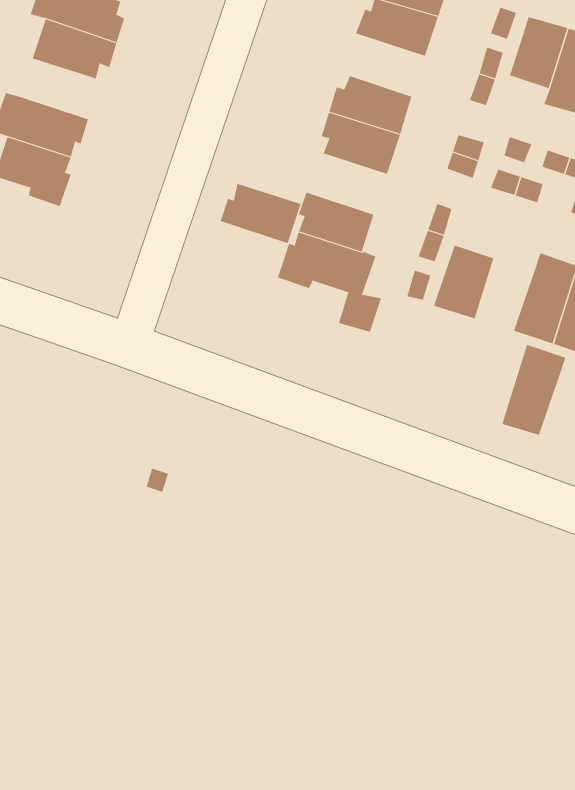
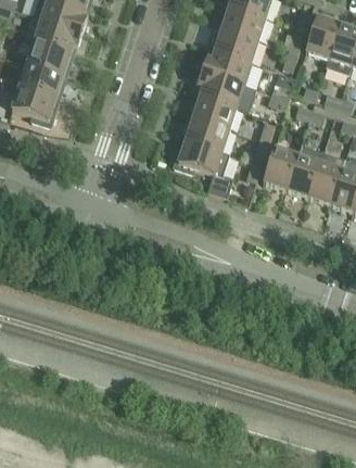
building: none -> [214,25,258,61]
building: none -> [27,39,71,74]
building: [220,183,302,244] -> [190,93,237,128]
building: [502,344,566,435] -> [287,142,323,194]

